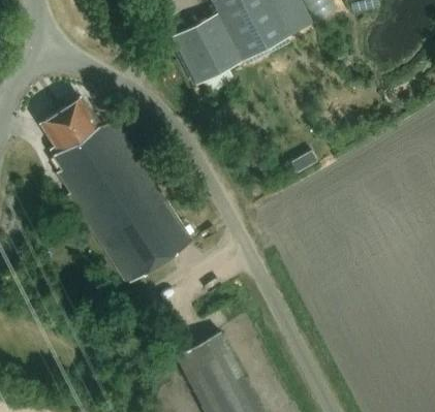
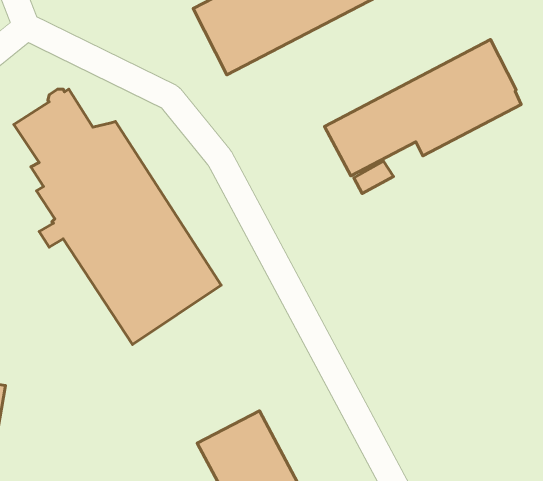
building: none -> [324,40,521,176]

